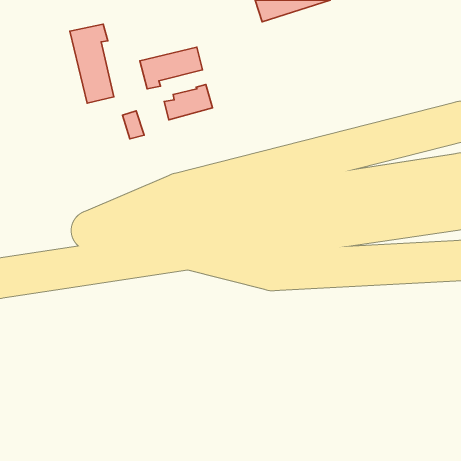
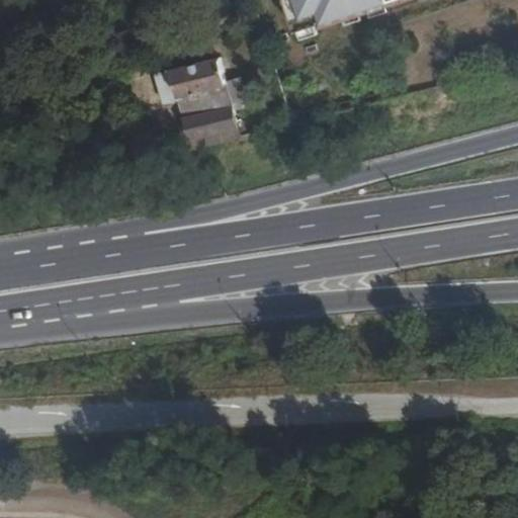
building: [70,24,114,103] -> none
building: none -> [177,81,230,116]

